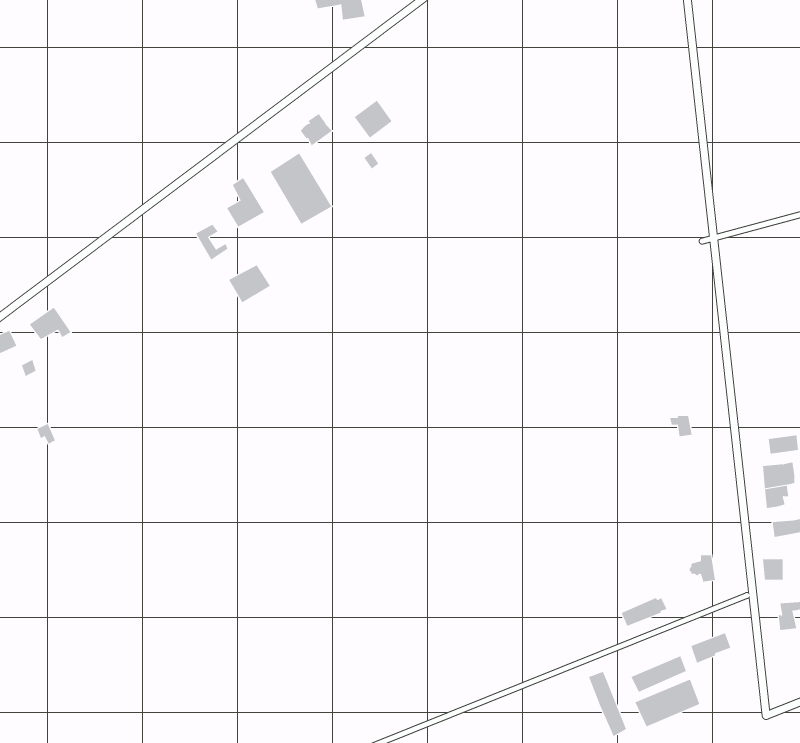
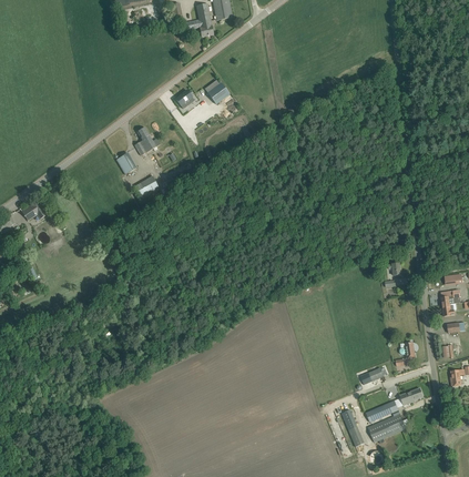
building: [270,153,332,224] -> none

